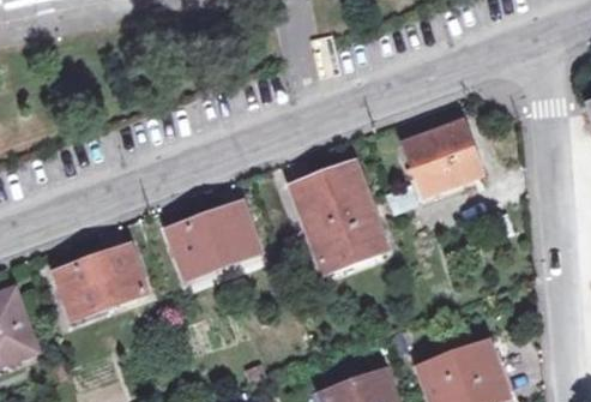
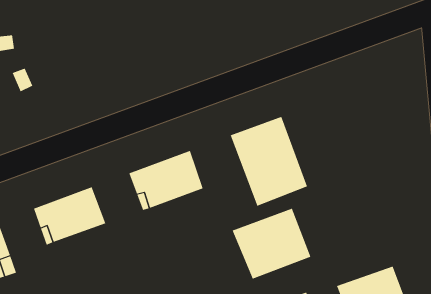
building: [406,120,481,192] -> none
building: none -> [232,208,311,279]

